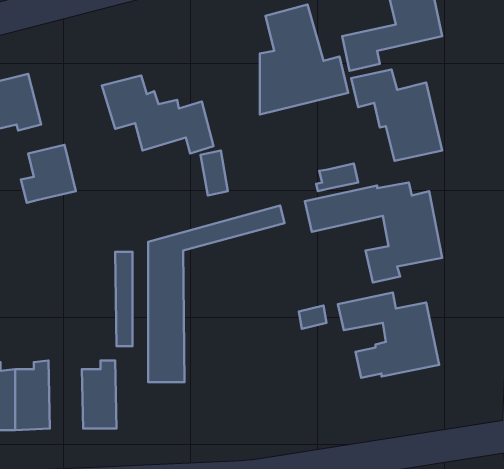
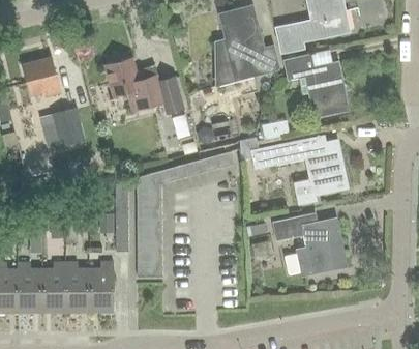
building: none -> [66,262,91,311]

